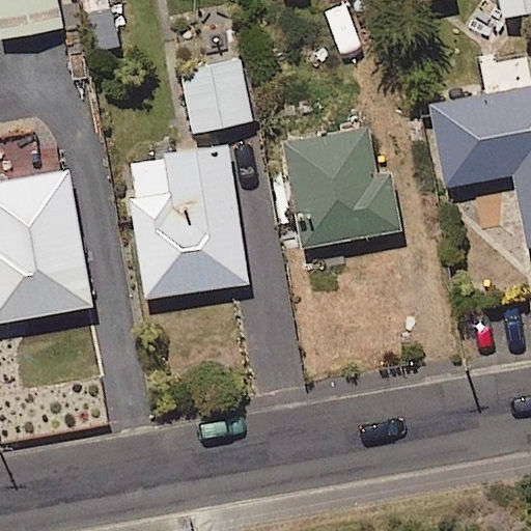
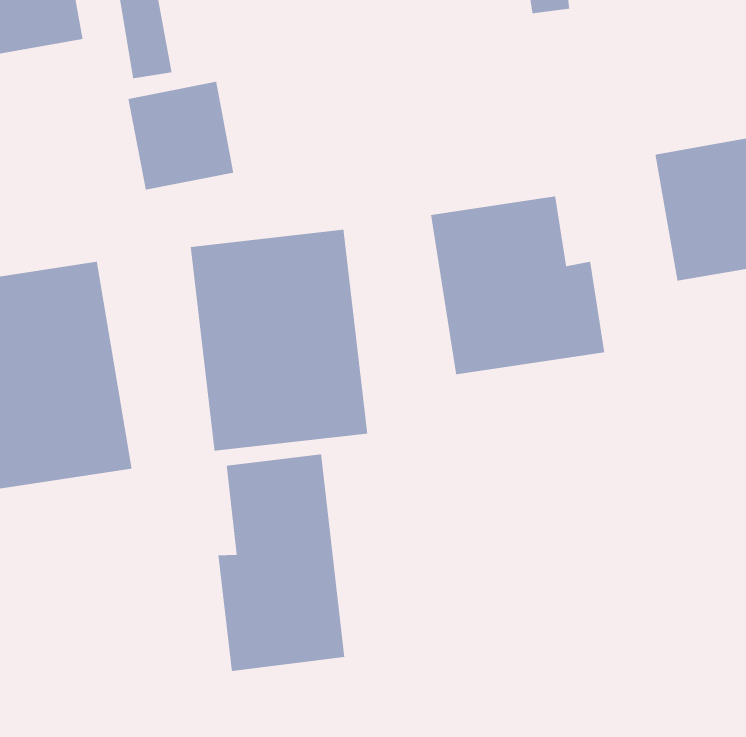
building: [181,61,251,133] -> [128,81,234,191]
building: none -> [217,453,345,672]

